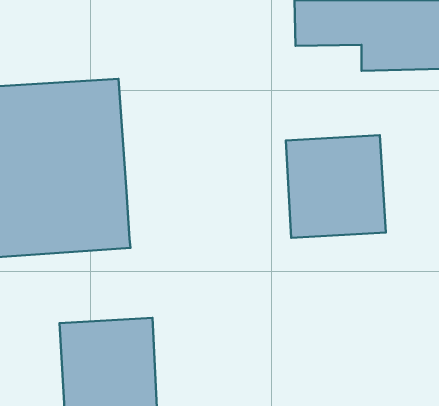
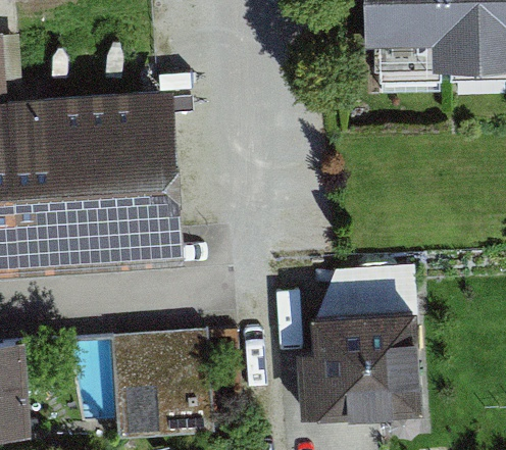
building: [286,135,386,238] -> none
building: none -> [295,305,422,417]

